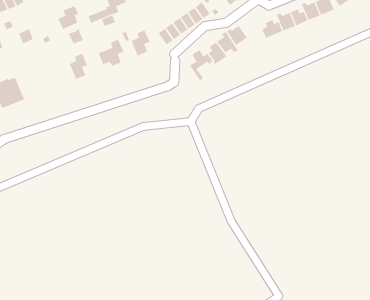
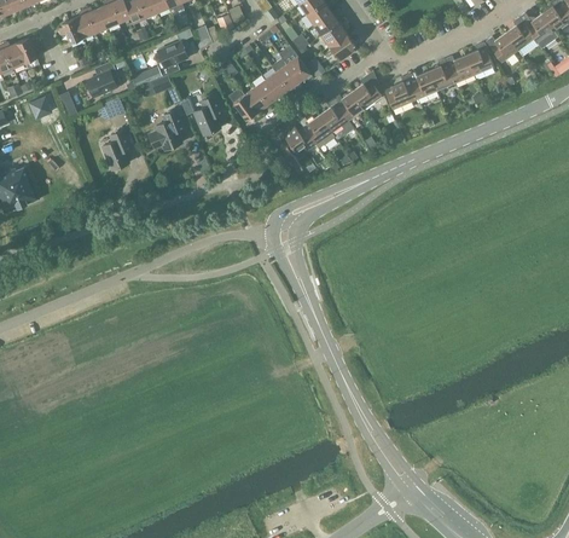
building: none -> [354,71,383,109]

